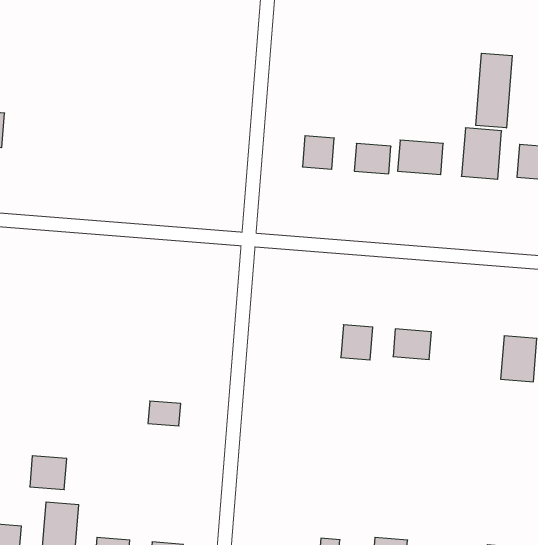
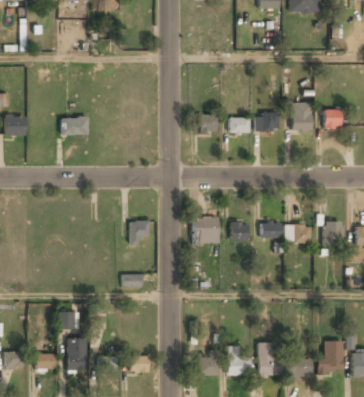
building: [476,53,512,128] -> none
building: none -> [61,118,88,136]
building: none -> [130,220,149,243]
building: none -> [193,217,220,245]
building: none -> [286,225,311,243]

